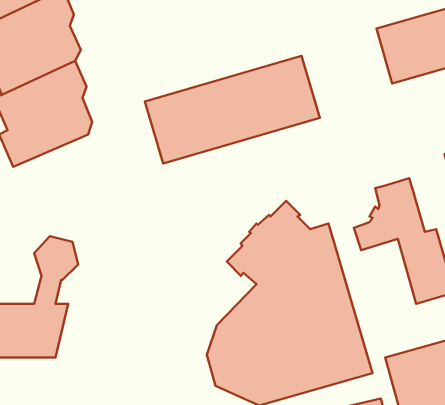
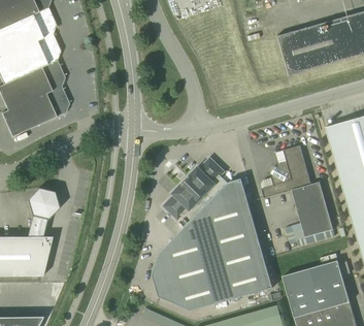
building: [145,56,320,164] -> none

